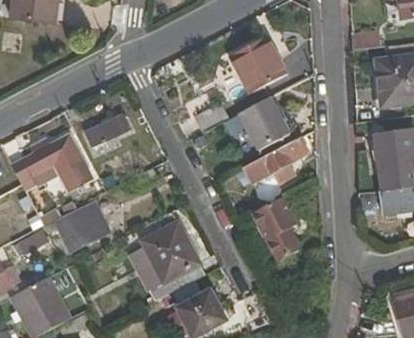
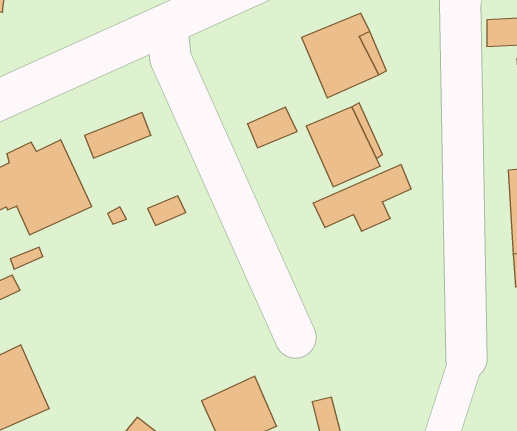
building: [247,199,294,265] -> none
building: [53,201,109,252] -> none
building: [138,219,206,296] -> none

